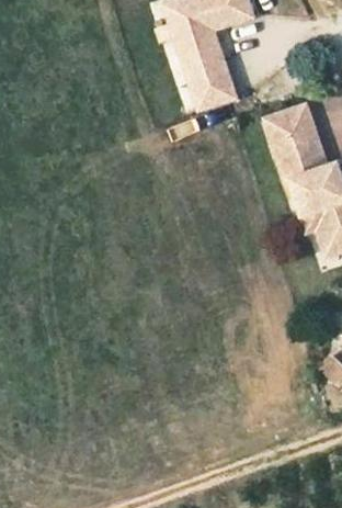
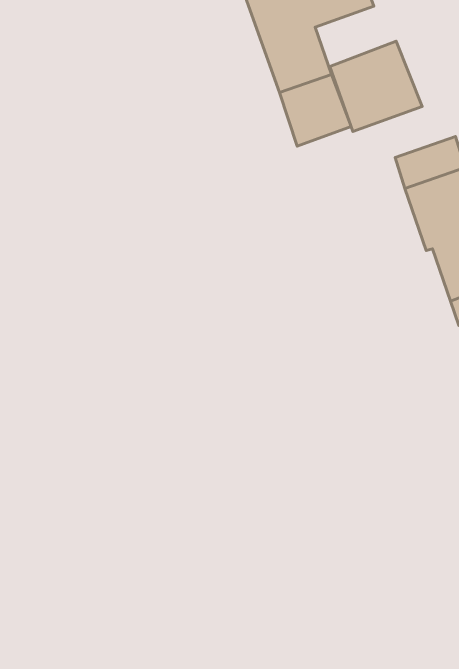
building: none -> [330,41,422,132]

